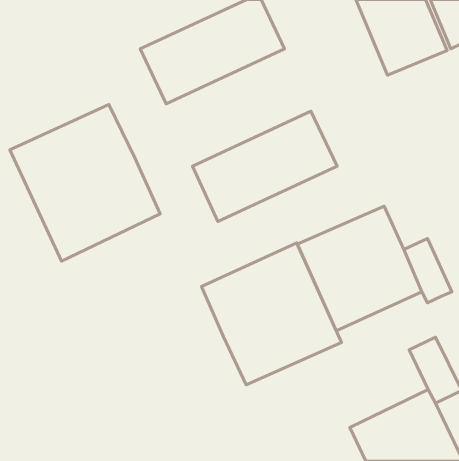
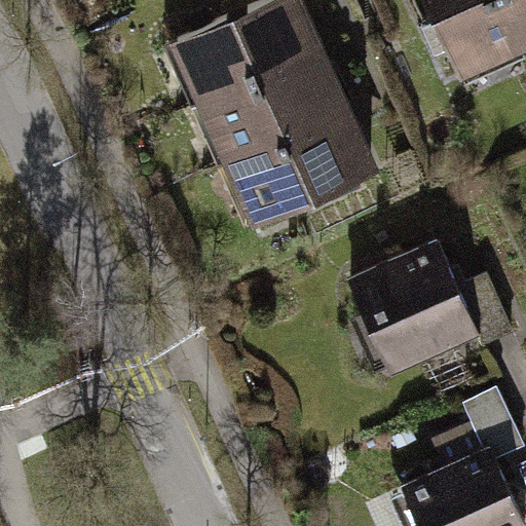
building: none -> [191,61,355,186]
building: [10,104,160,261] -> none
building: [202,243,341,385] -> none

